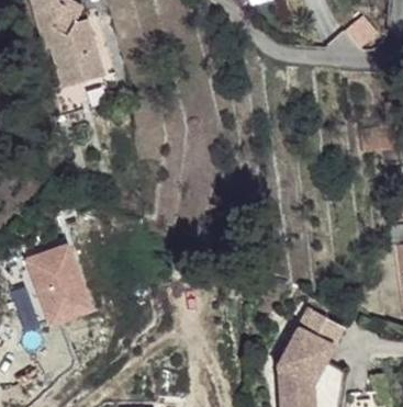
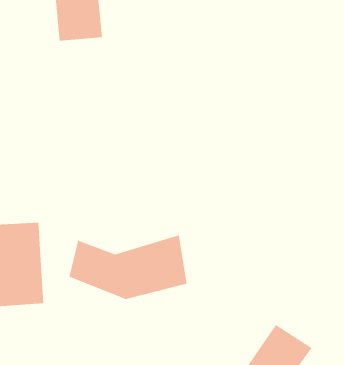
building: none -> [69,235,187,300]

